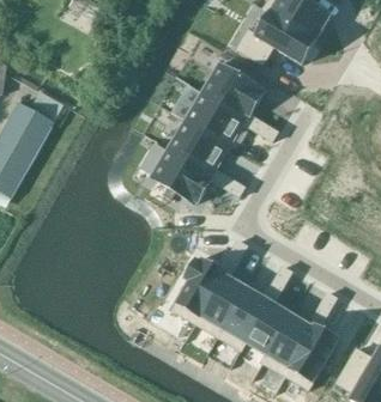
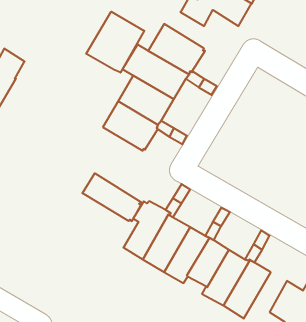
building: none -> [86,12,144,73]
building: none -> [82,173,141,221]

